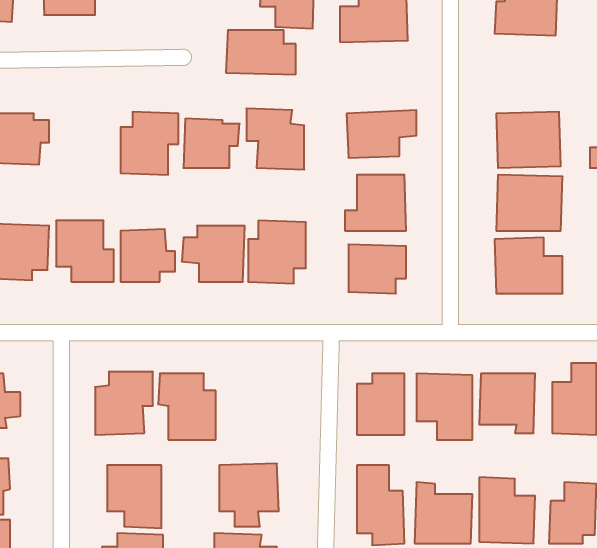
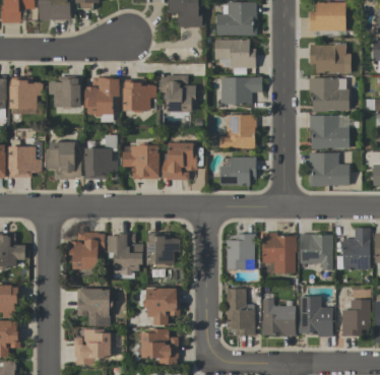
building: [226,30,296,74] -> [214,40,256,66]
building: none -> [310,45,346,73]
building: none -> [49,76,81,107]
building: none -> [147,236,181,265]

